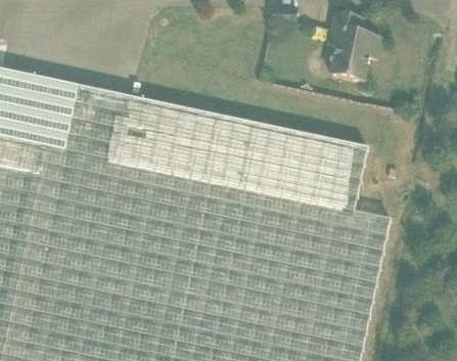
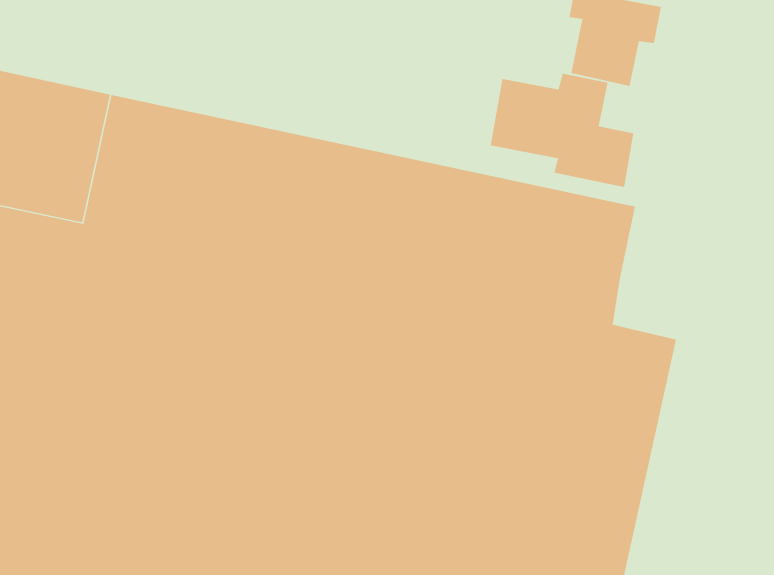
building: none -> [490,73,634,188]

